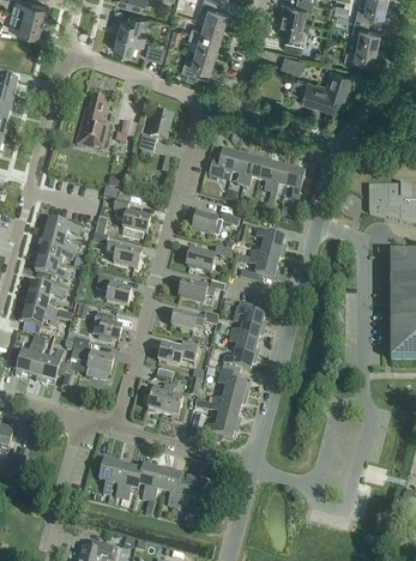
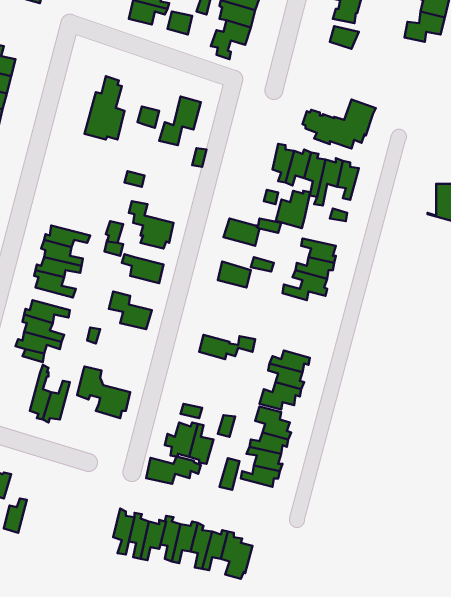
building: [290,66,351,107] -> [303,100,376,148]
building: [209,149,237,180] -> [276,191,310,228]
building: [180,277,225,302] -> none
building: [236,300,265,328] -> none
building: [95,310,122,339] -> none
building: [11,340,38,375] -> none
building: [158,342,204,364] -> [146,457,201,484]

